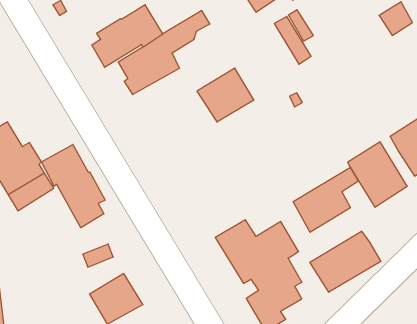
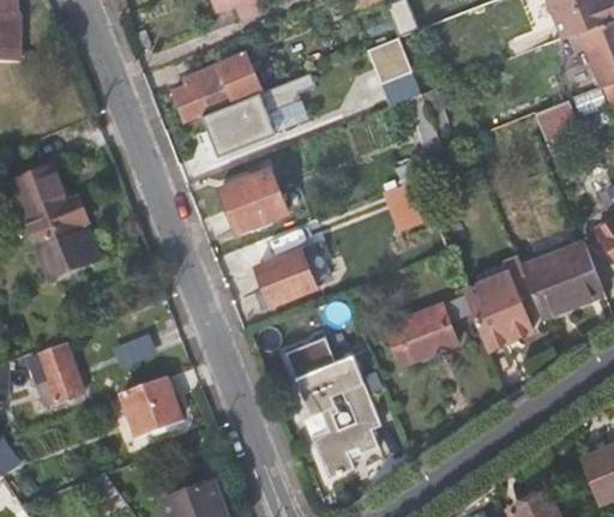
building: [197,68,254,122] -> [219,167,288,229]
building: [42,144,105,228] -> none
building: none -> [255,247,315,301]
building: [310,231,381,292] -> none
building: none -> [28,344,83,407]

